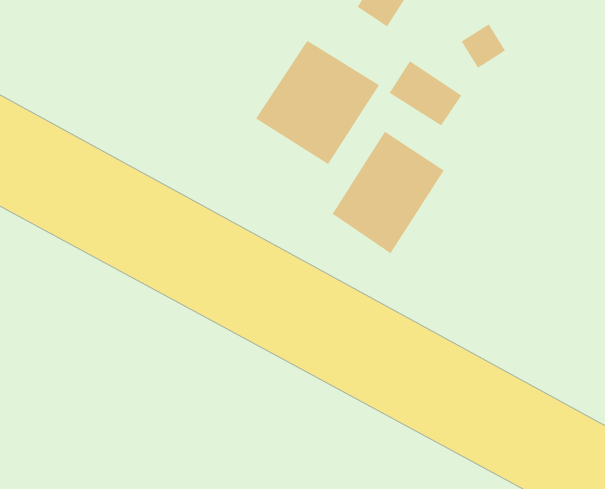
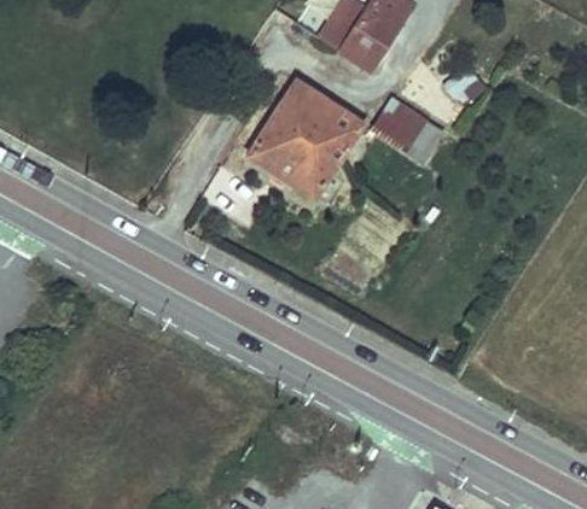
building: [332,131,445,254] -> none

